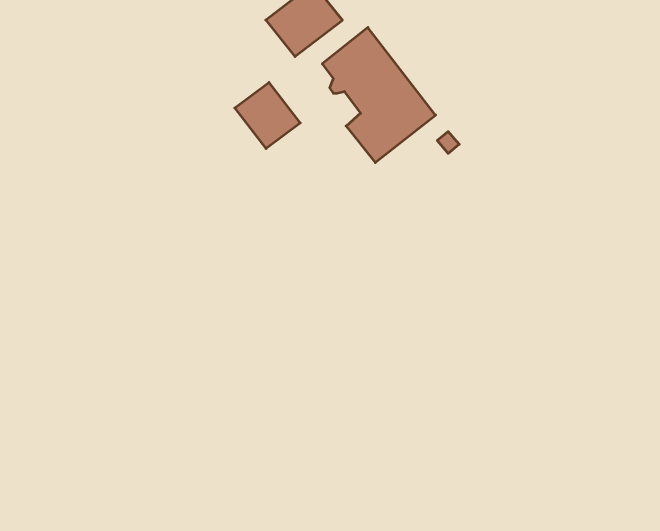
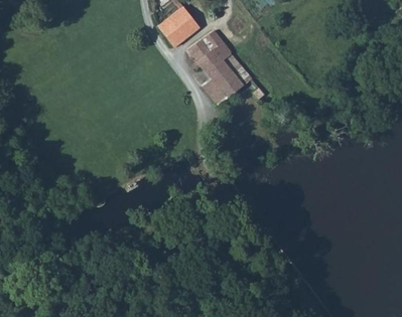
building: [235,82,300,149] -> none

